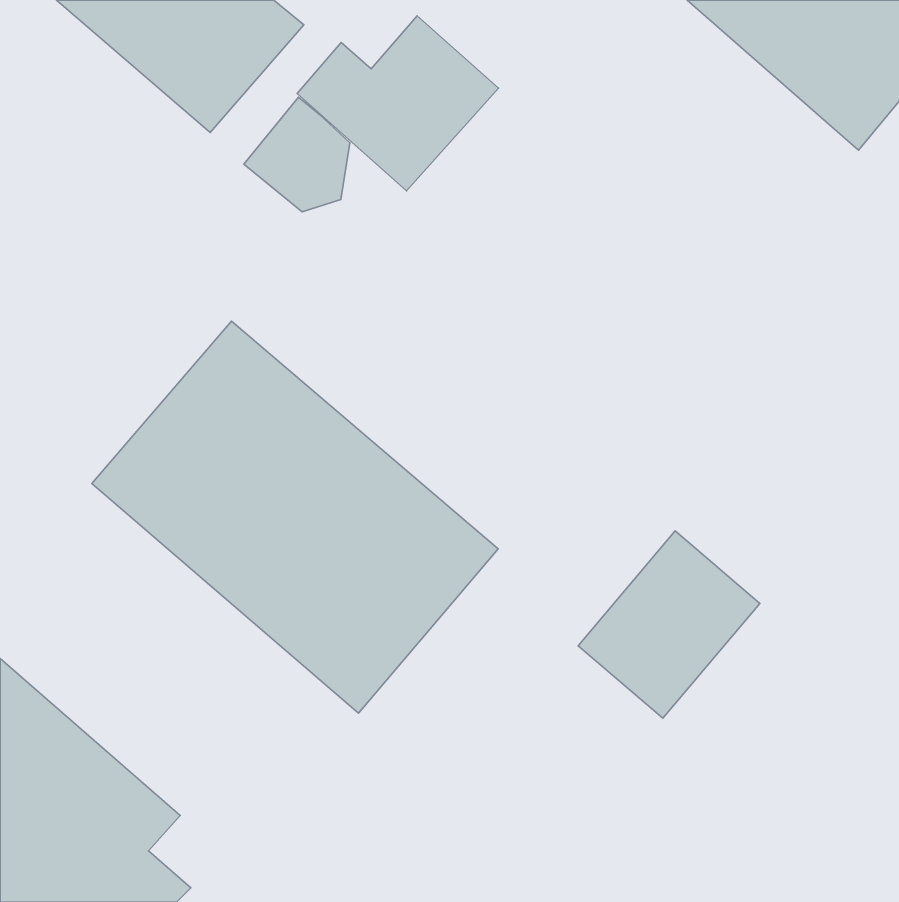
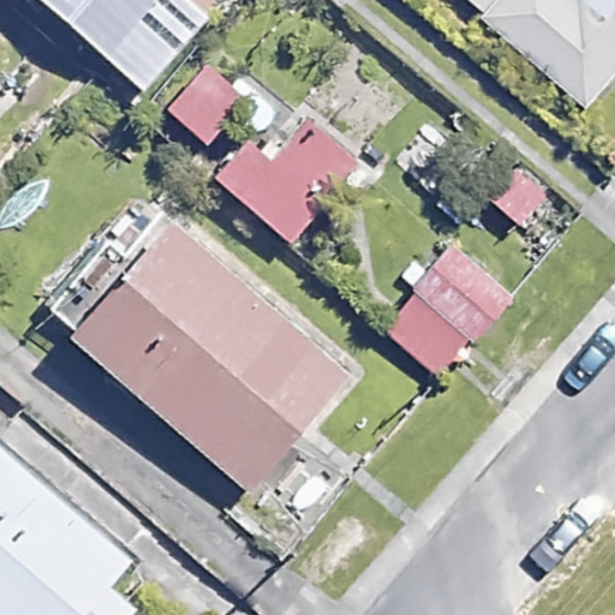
building: [297,16,498,191] -> [216,121,353,240]
building: [578,531,760,718] -> [383,244,507,371]

